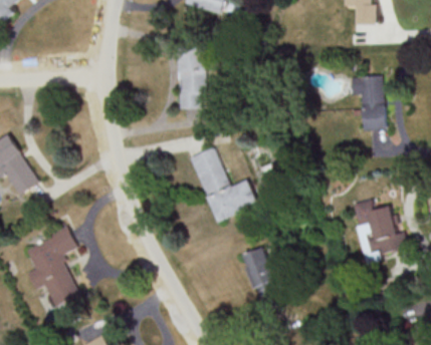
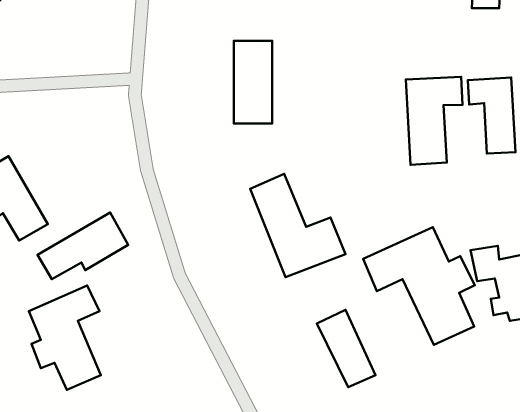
building: none -> [406,77,463,165]
building: none -> [37,213,128,279]
building: none -> [363,227,475,345]

